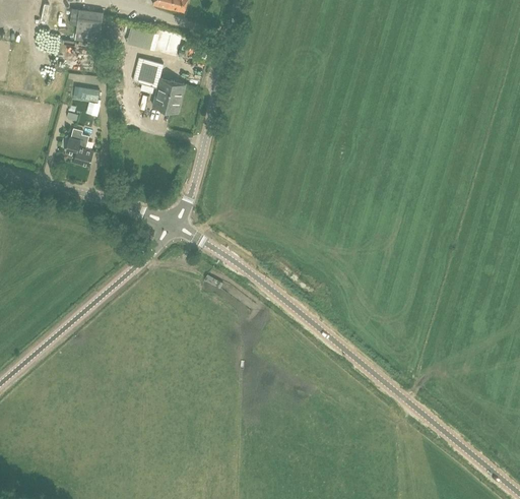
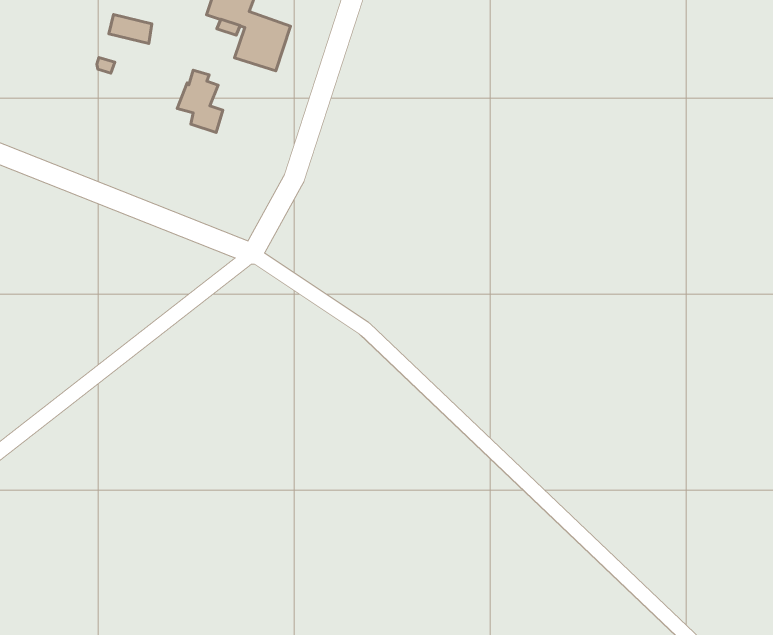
building: [64,127,92,165] -> [177,70,223,132]

